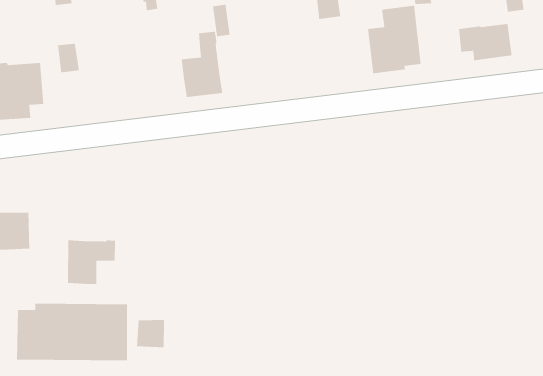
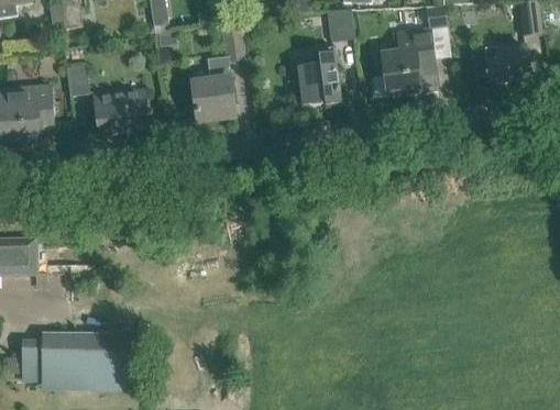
building: none -> [297,45,340,104]
building: none -> [94,90,147,134]
building: [67,239,116,285] -> none
building: [136,319,165,348] -> none

